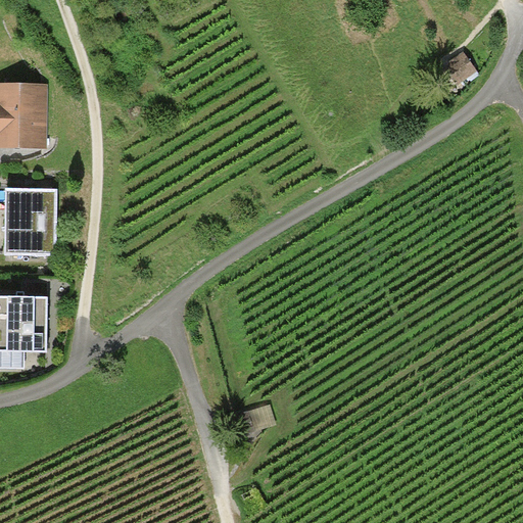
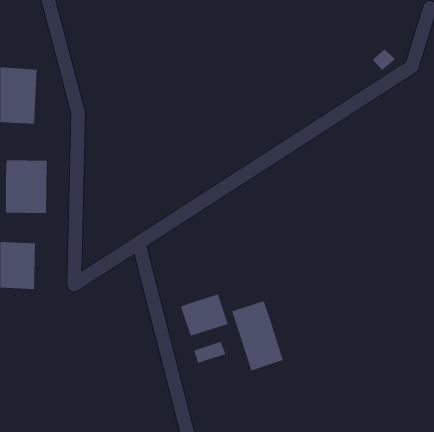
building: none -> [180,294,229,337]
building: none -> [231,300,284,371]

